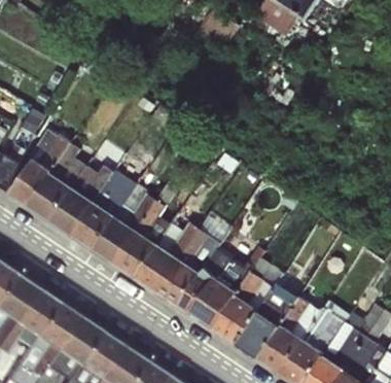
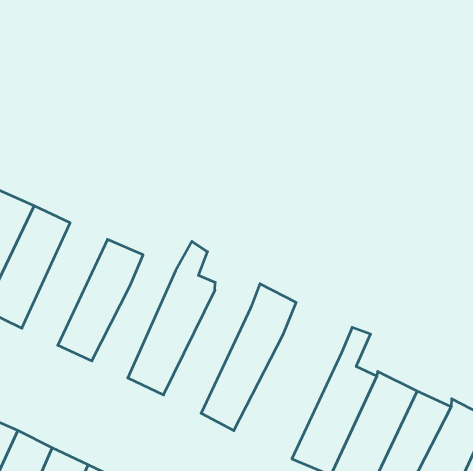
building: [51,158,115,236] -> none
building: [94,196,156,264] -> none
building: [137,215,202,293] -> none
building: [179,250,256,332] -> none

